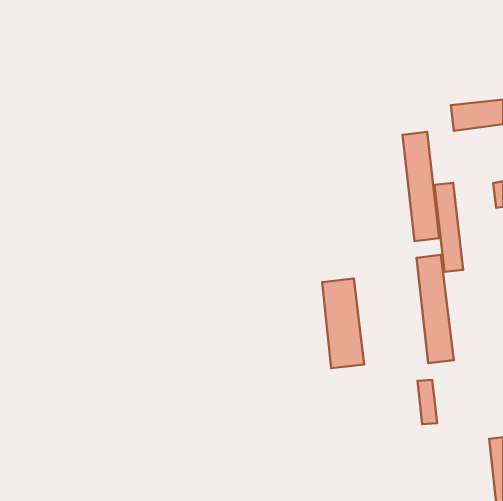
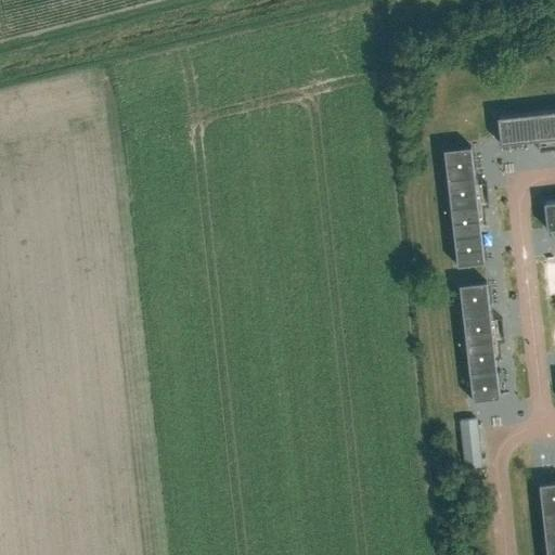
building: [434,183,463,272] -> none
building: [322,279,364,368] -> none

